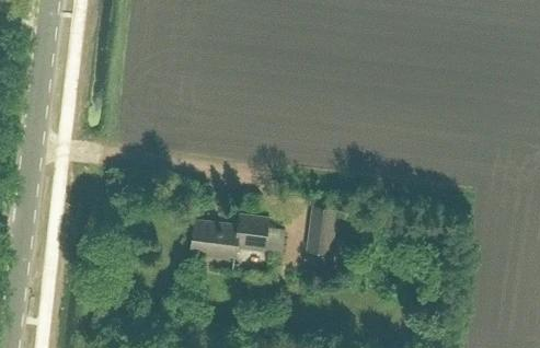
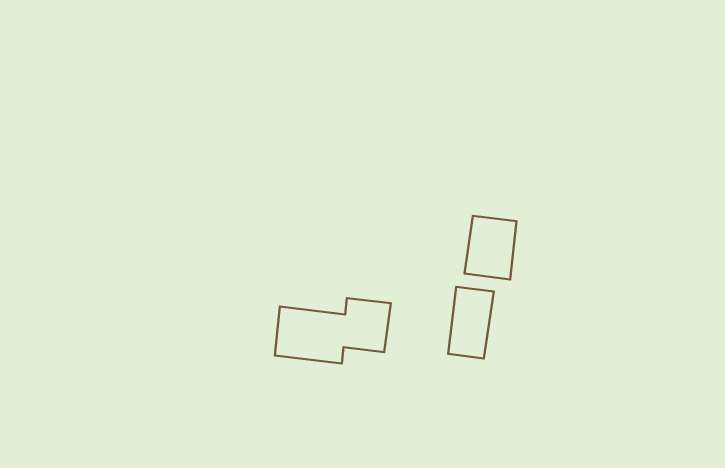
building: none -> [465,216,516,279]

